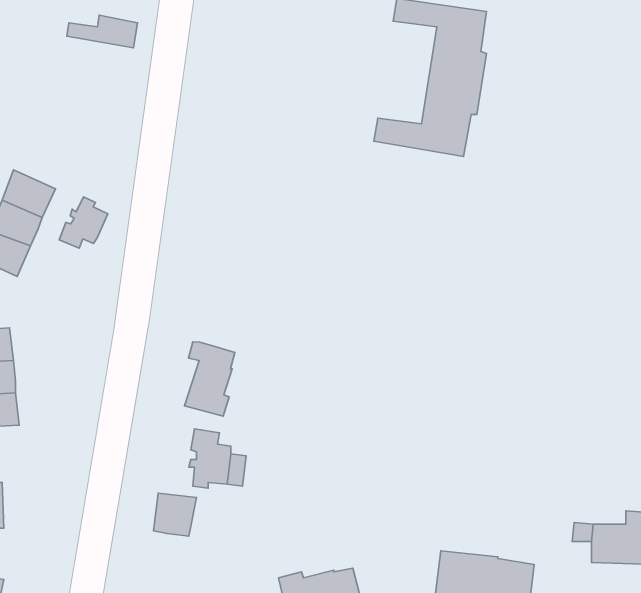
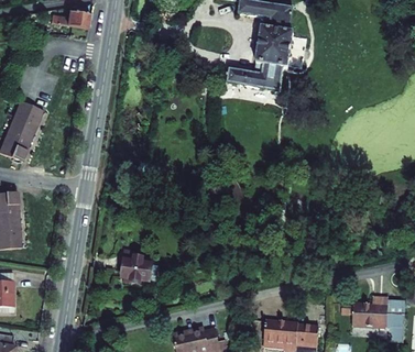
building: [59,197,108,248] -> none
building: [185,342,235,416] -> none
building: [154,493,197,536] -> none

